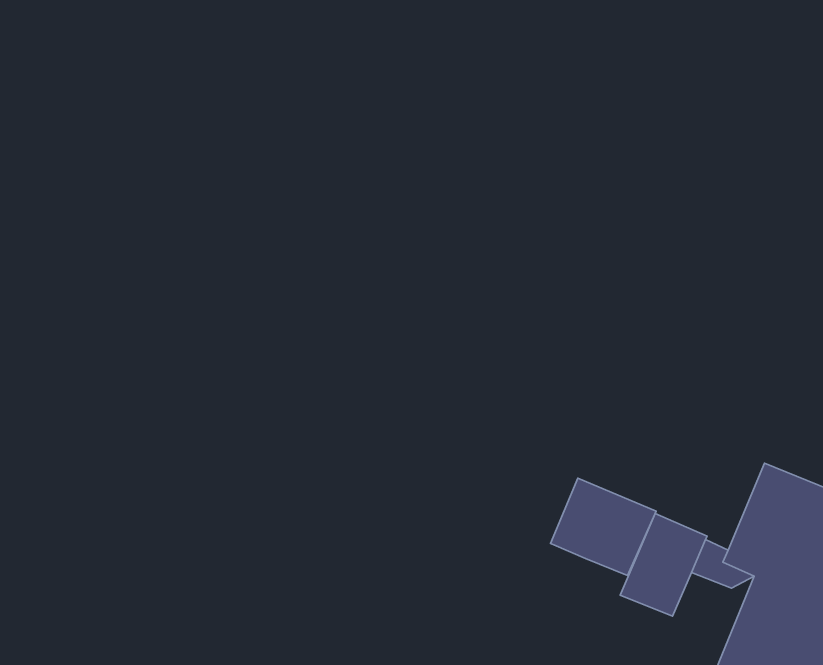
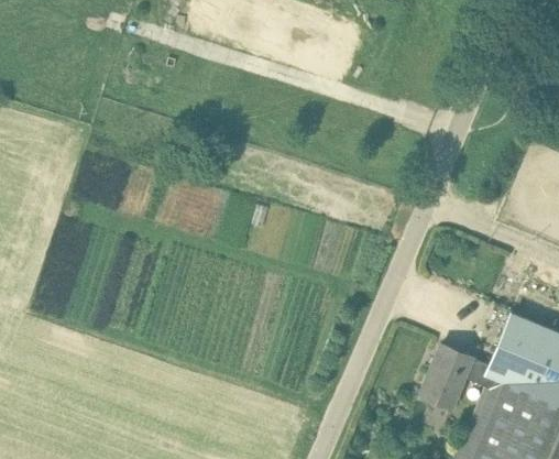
building: [550,478,656,575] -> none

